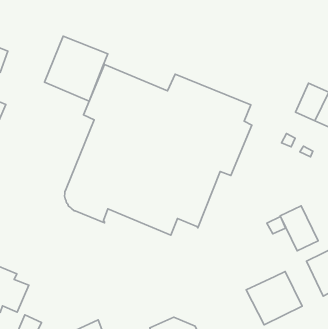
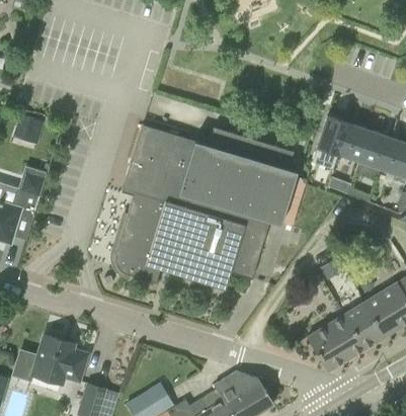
building: [44,36,108,101] -> none
building: none -> [314,115,348,160]
building: [280,206,318,251] -> [343,303,384,348]

